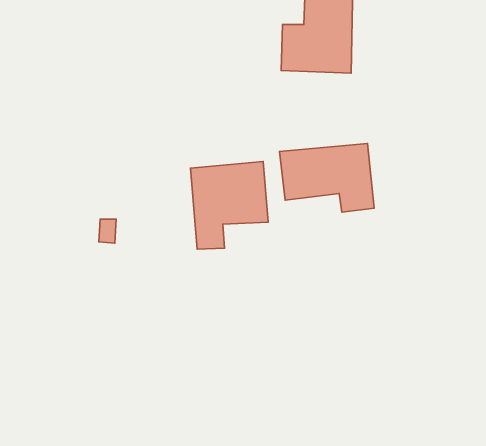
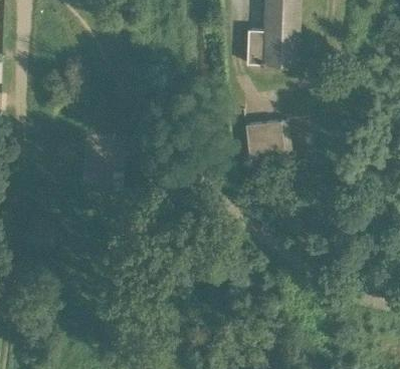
building: [190,161,268,249] -> none

